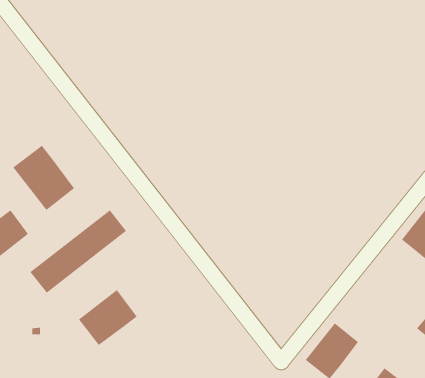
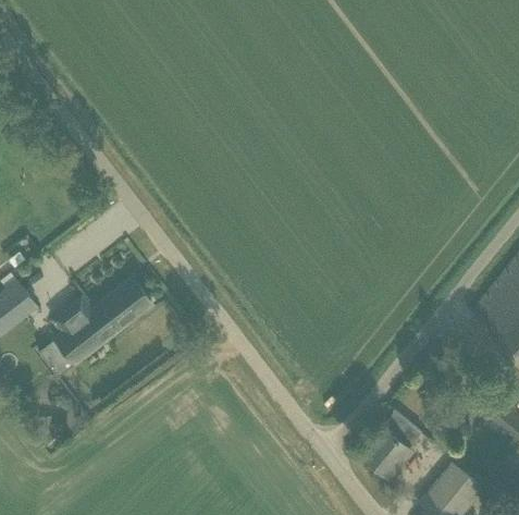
building: [12,145,75,211] -> none
building: [78,289,138,346] -> none

